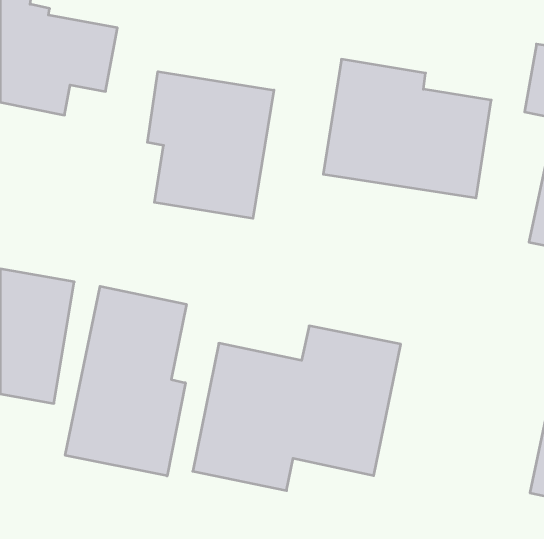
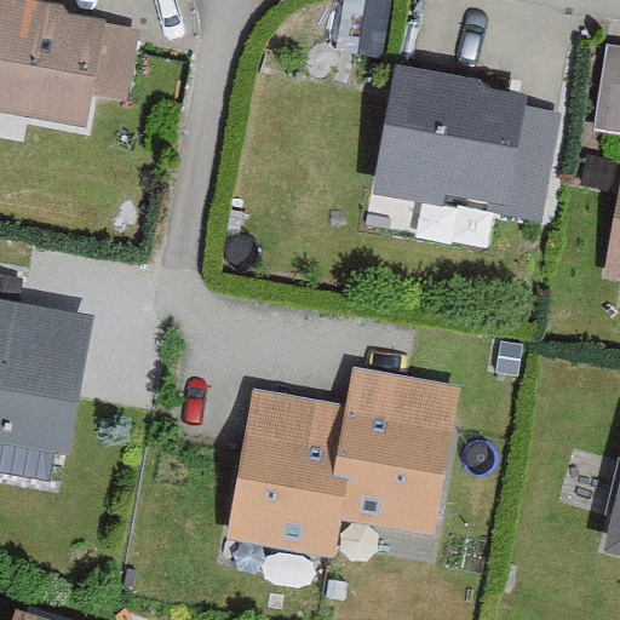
building: [147,72,274,218] -> none
building: [65,286,186,476] -> none

